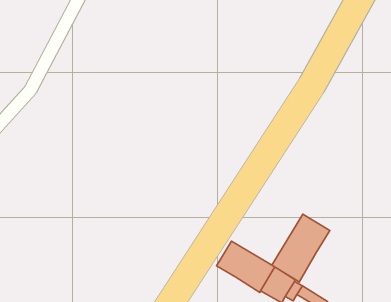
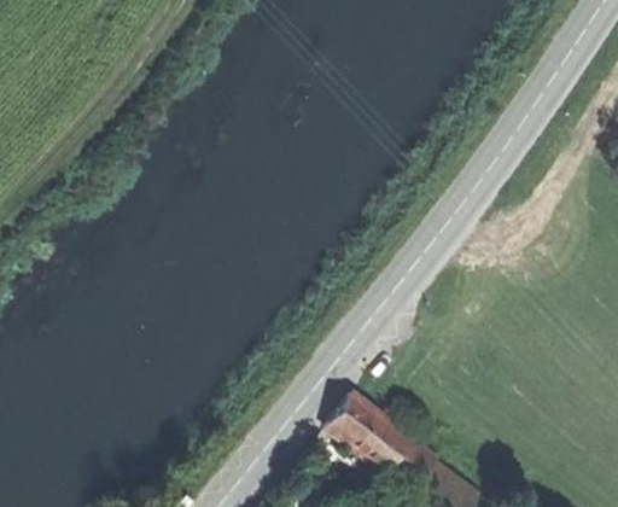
building: [272,214,330,282] -> none

